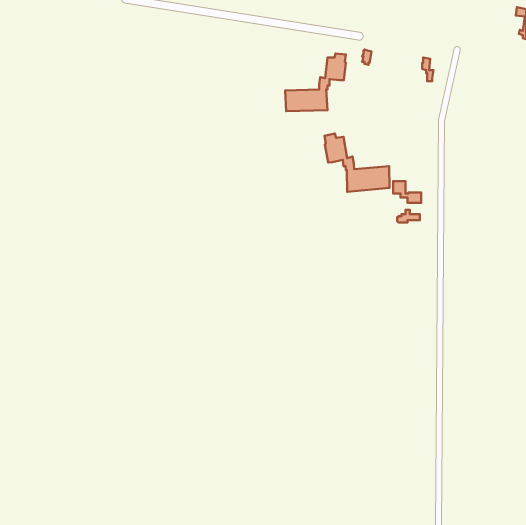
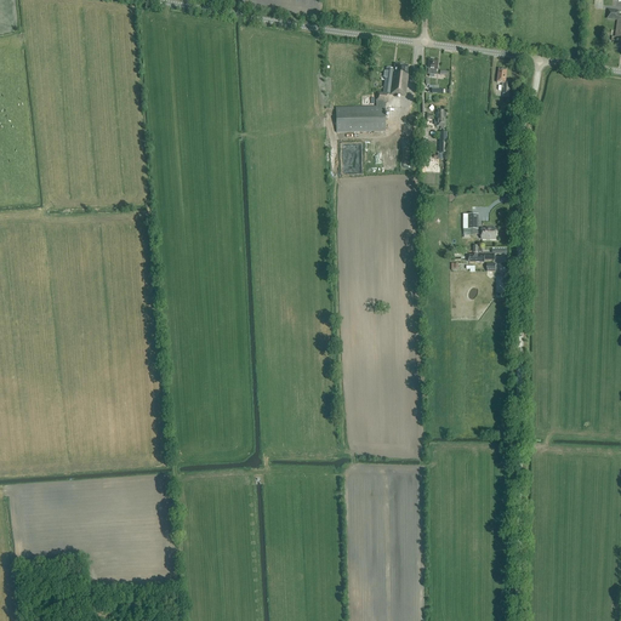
building: [324,134,390,192] -> none

